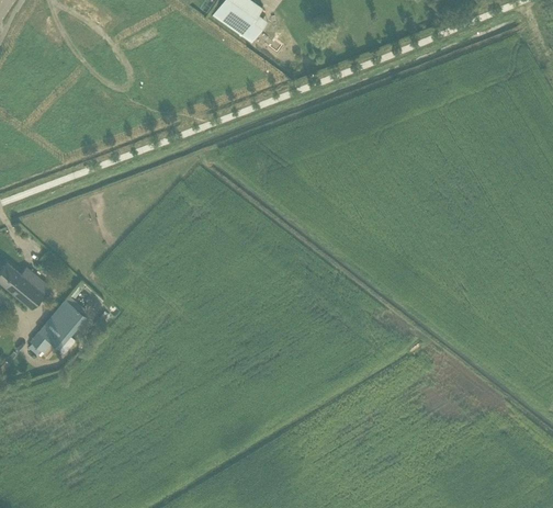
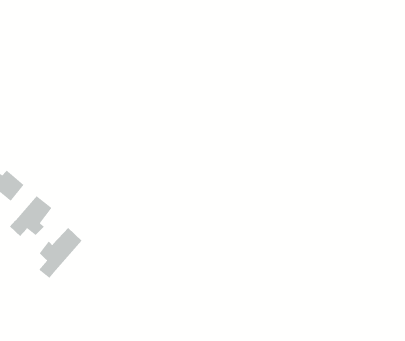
building: none -> [38,227,82,279]

